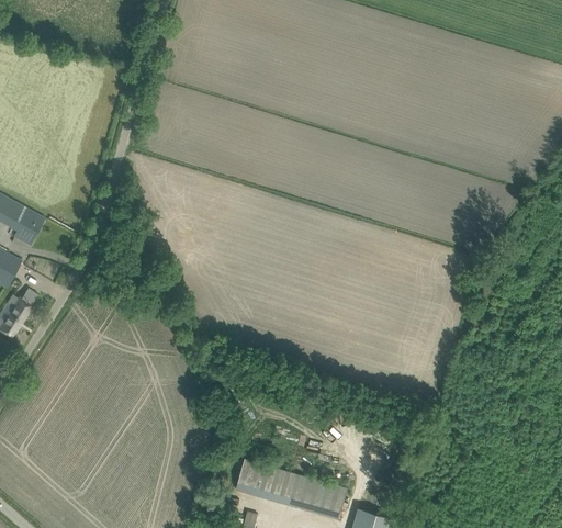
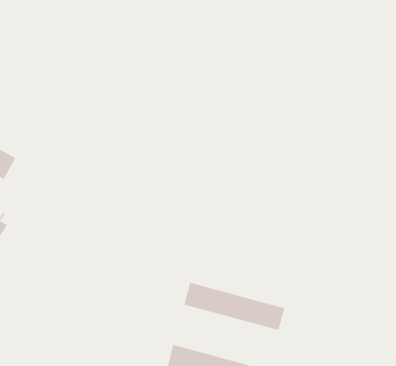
building: none -> [184,282,286,331]

